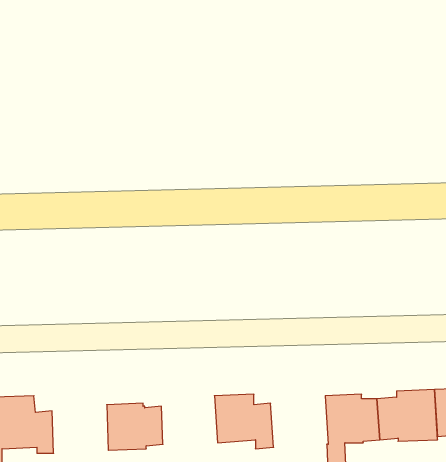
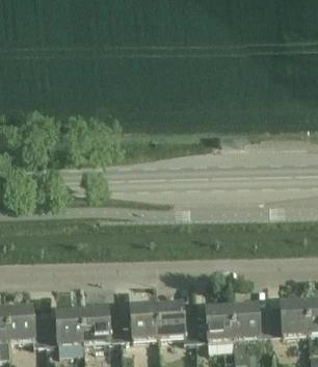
building: none -> [121,304,159,337]
building: none -> [195,304,235,339]
building: none -> [46,310,84,343]

